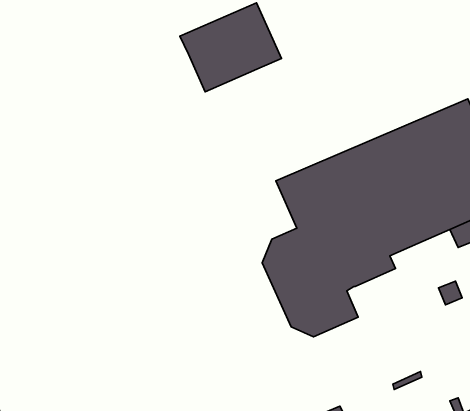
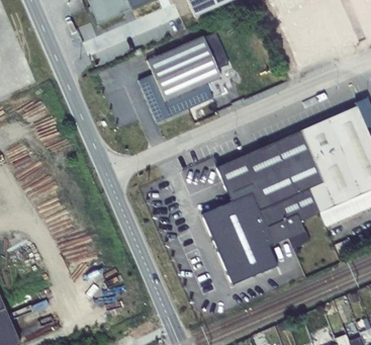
building: none -> [138,74,212,121]
building: none -> [319,201,349,225]

